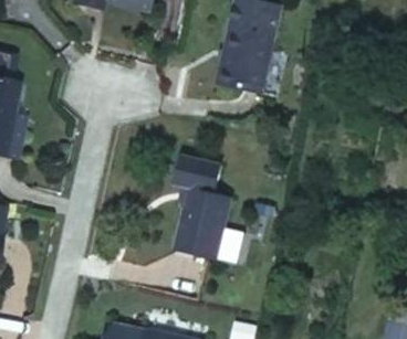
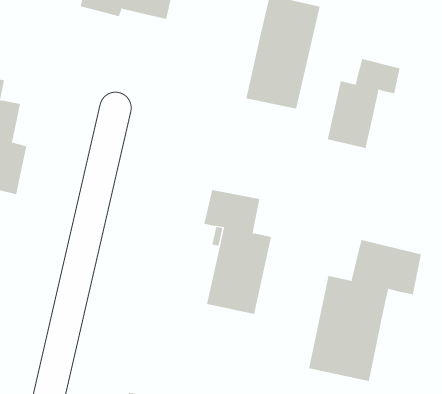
building: none -> [327,58,400,149]
building: none -> [308,239,421,382]

